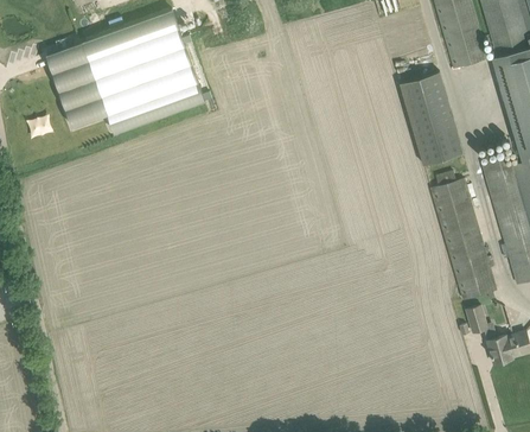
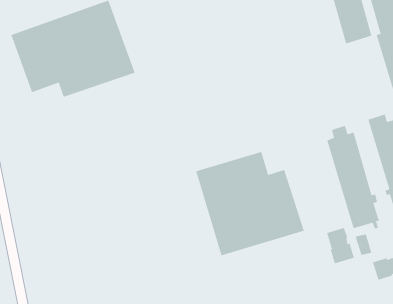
building: [400,70,462,163] -> none
building: none -> [195,151,305,256]
building: none -> [327,227,354,264]

